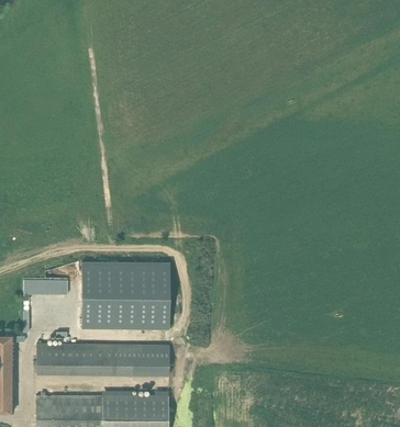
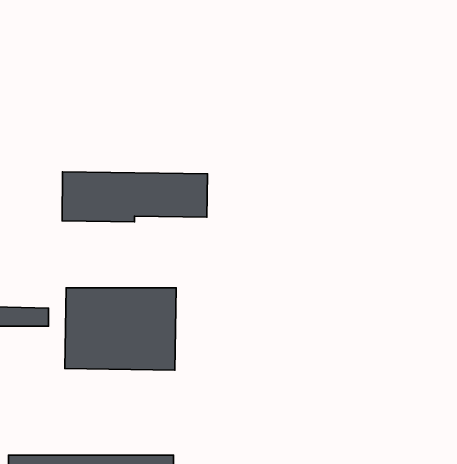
building: none -> [62,172,207,222]
building: [36,342,169,377] -> none

